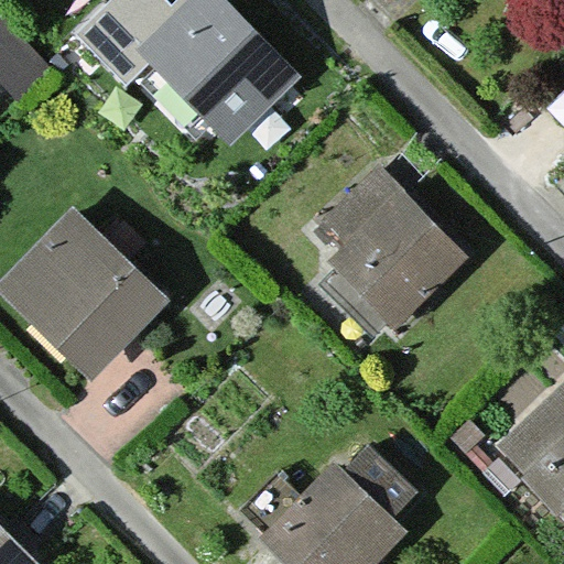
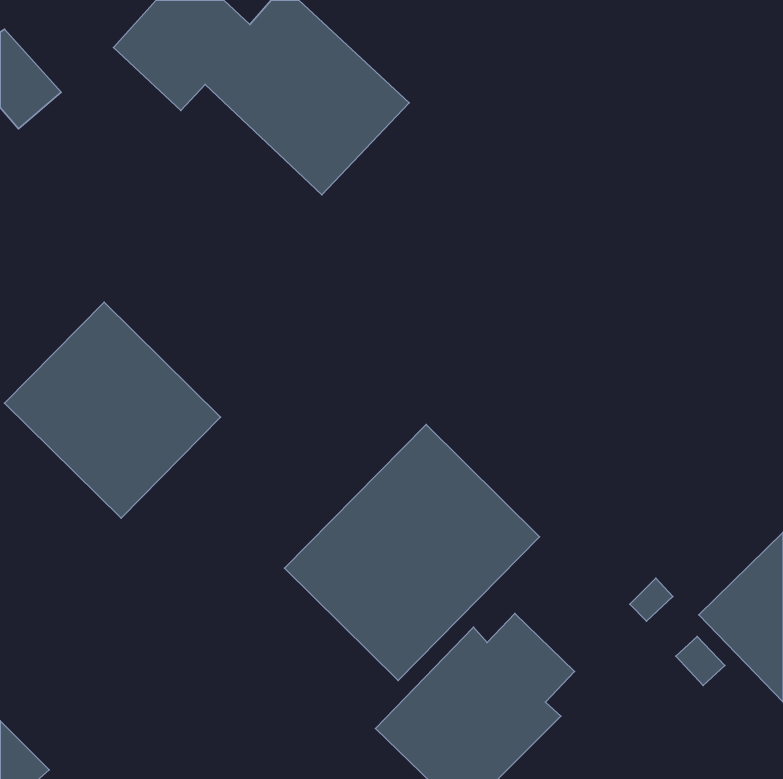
building: [334,172,460,316] -> none
building: none -> [285,425,540,680]

